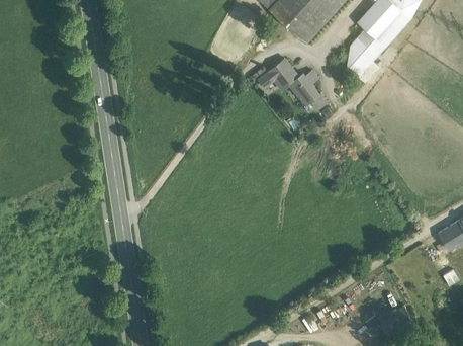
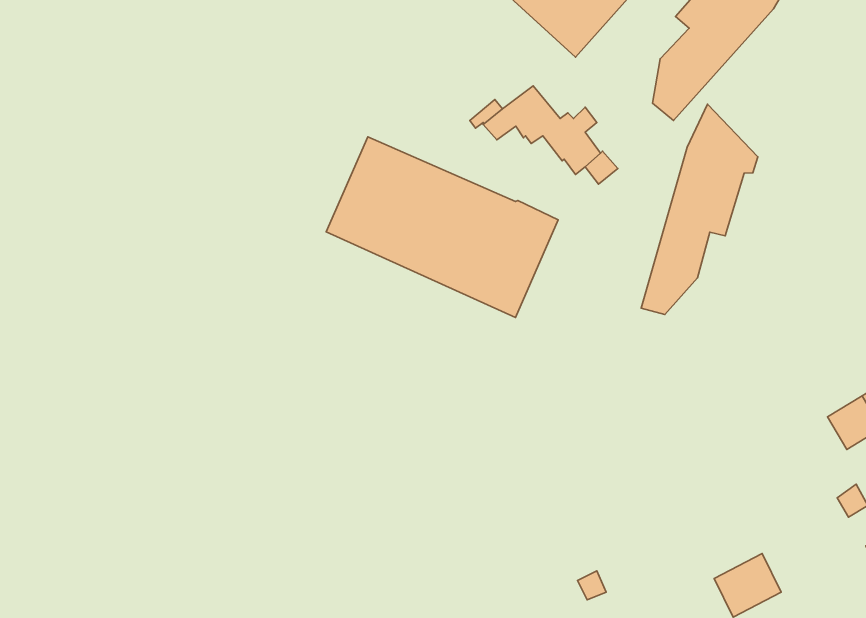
building: none -> [641,104,758,314]
building: none -> [326,137,558,318]

